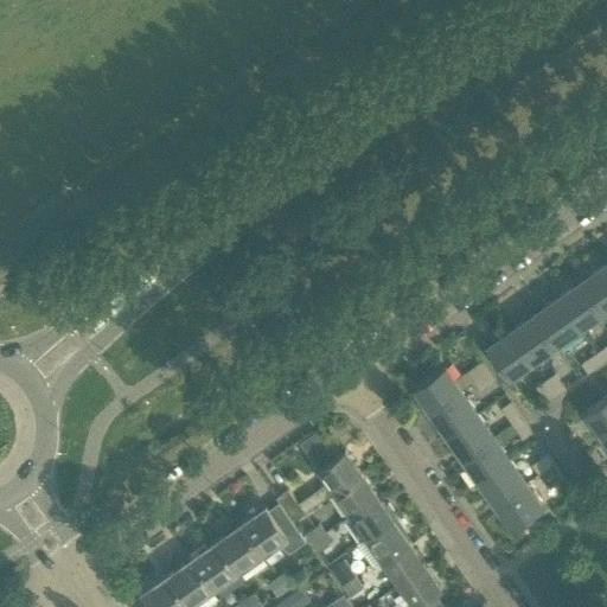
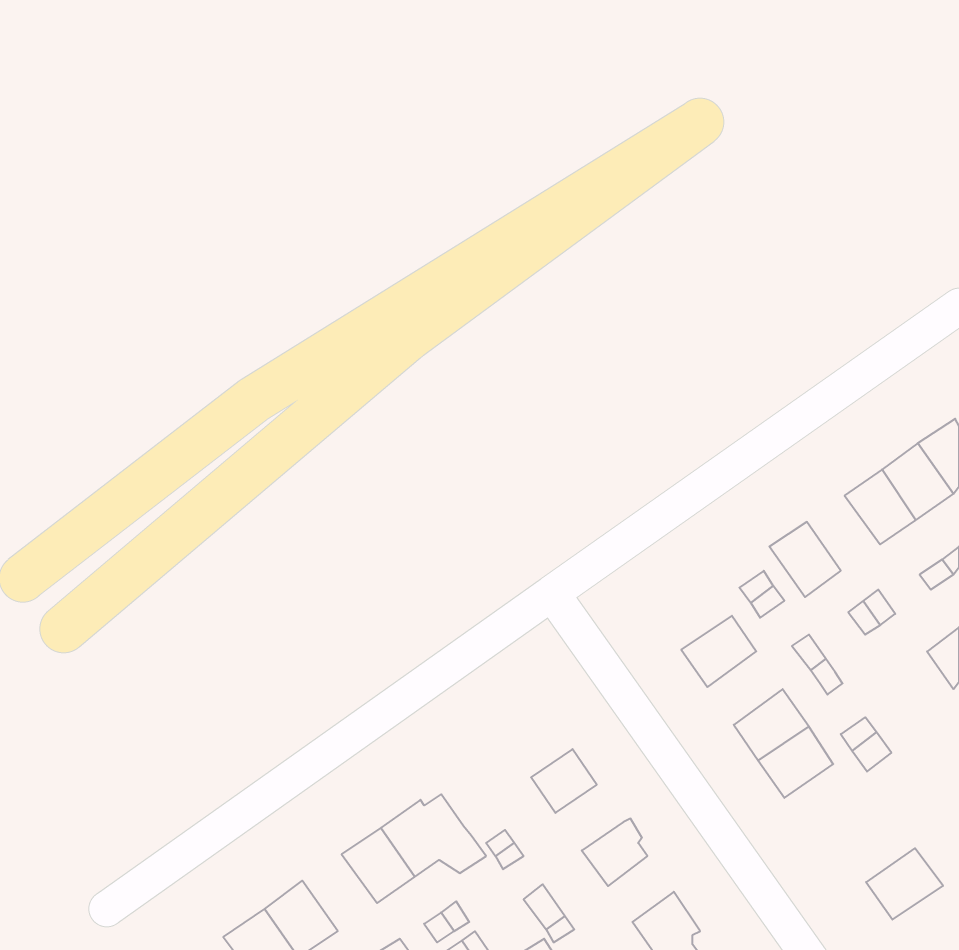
building: [510,319,556,366] -> none
building: [414,371,462,416] -> none
building: [447,417,494,464] -> none
building: [276,455,362,528] -> none
building: [496,488,544,533] -> [866,848,943,920]
building: [344,501,398,548] -> none
building: [191,545,238,594] -> none
building: [384,547,426,588] -> none

